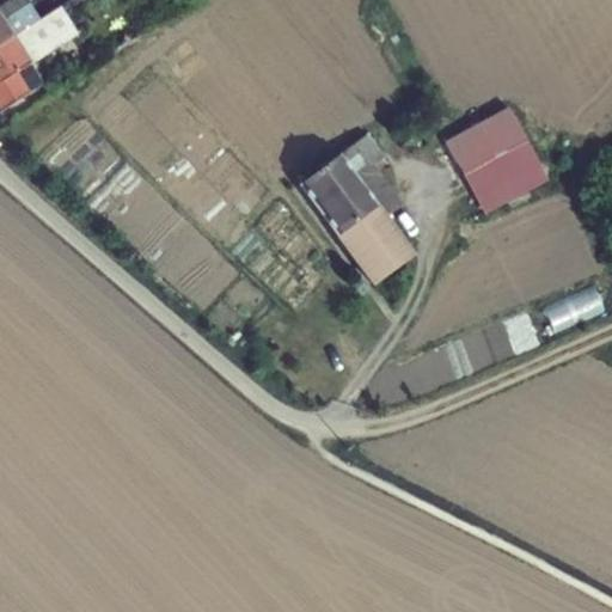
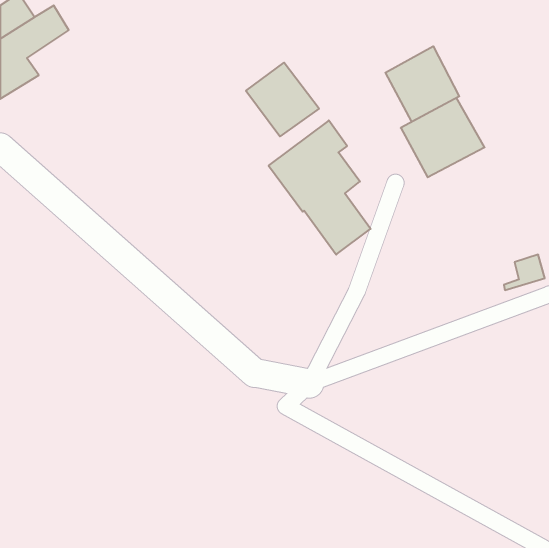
building: none -> [385,46,459,122]
building: none -> [246,63,319,136]

